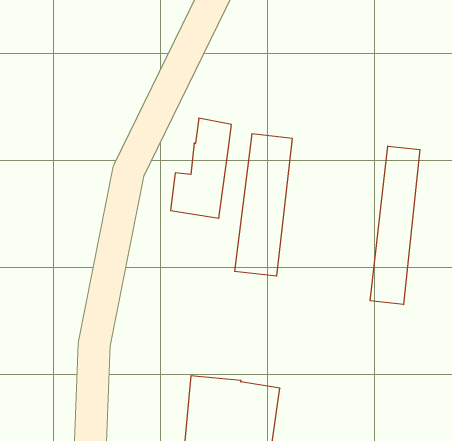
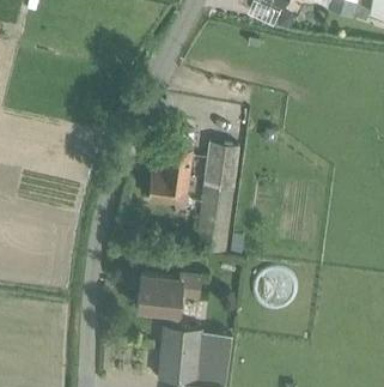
building: [370,146,420,305] -> none
building: none -> [136,273,200,313]

